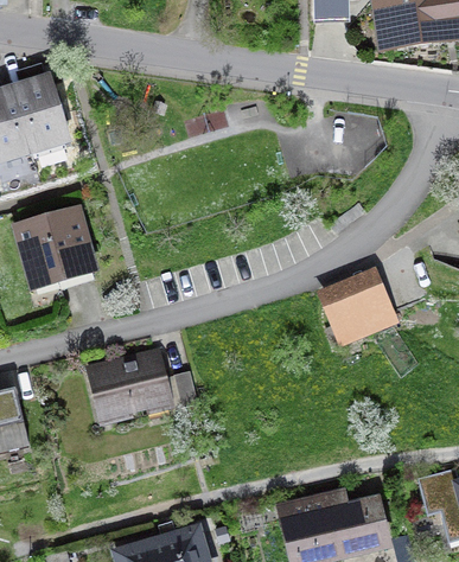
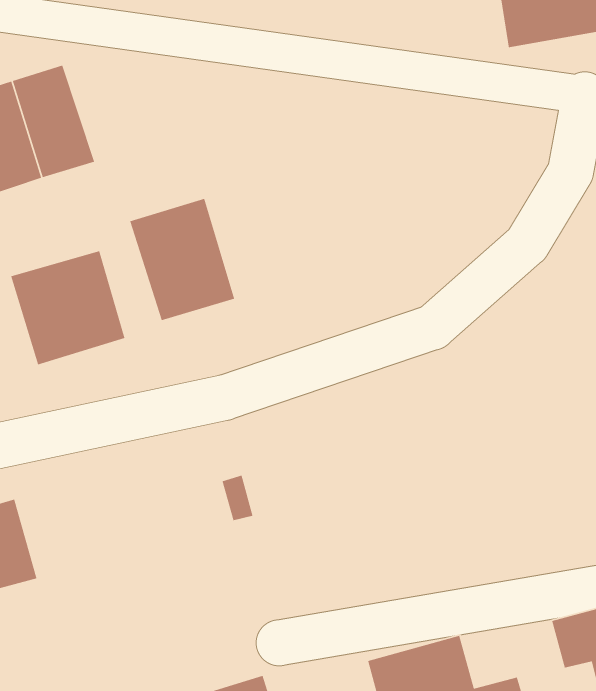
building: none -> [129,198,235,321]
building: [318,267,397,345] -> none
building: [82,346,170,424] -> none

